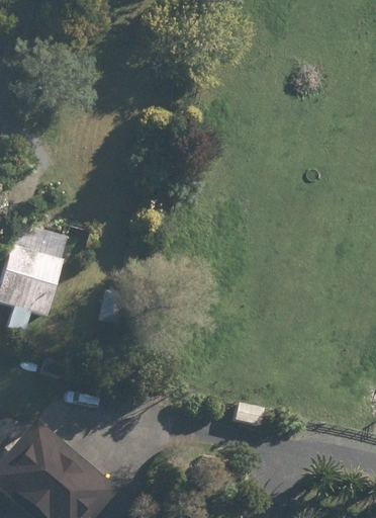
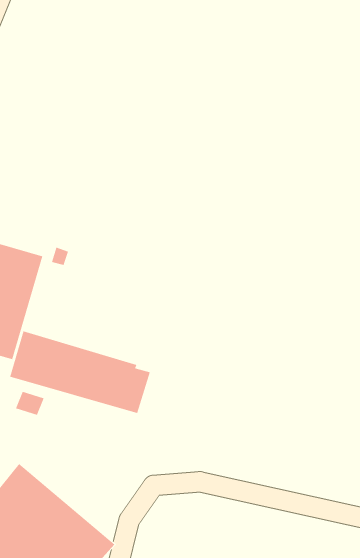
building: none -> [10,330,150,414]

